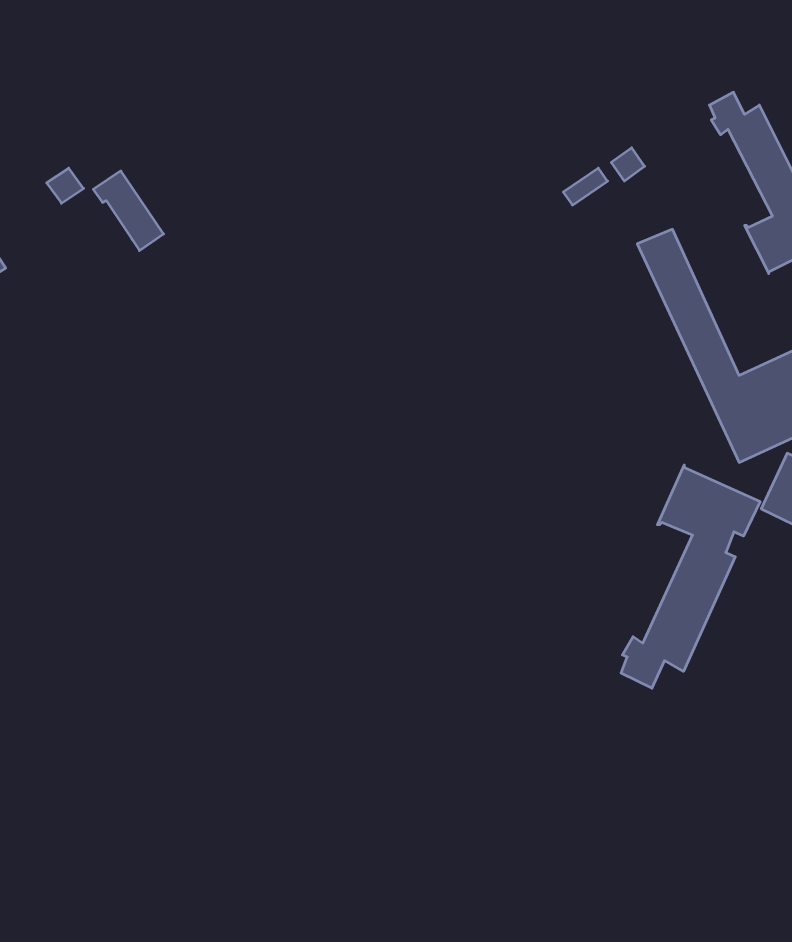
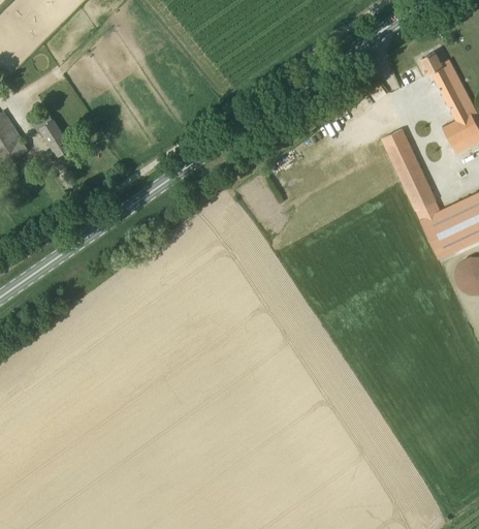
building: [93,171,164,251] -> [32,112,71,156]
building: [621,465,760,688] -> none

